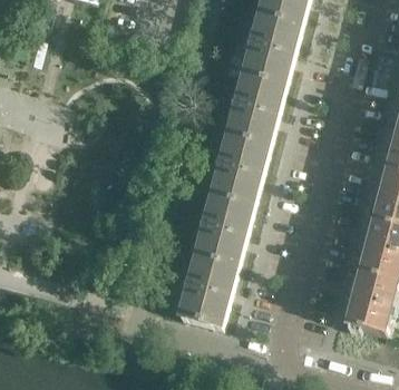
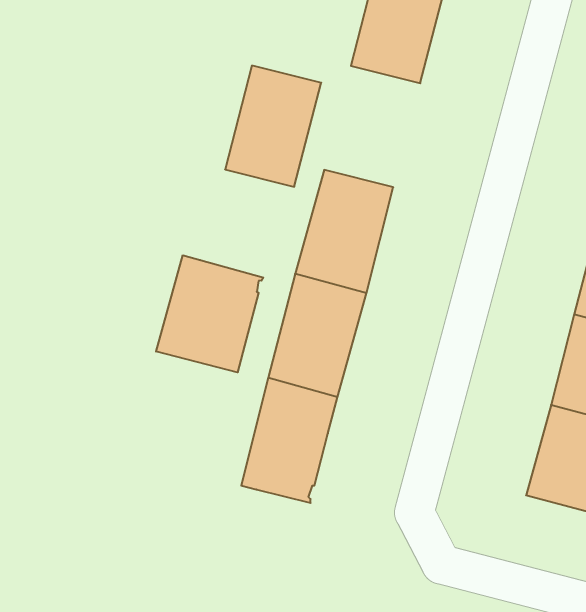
building: [228,70,284,140] -> [225,66,321,187]
building: none -> [156,255,263,372]

